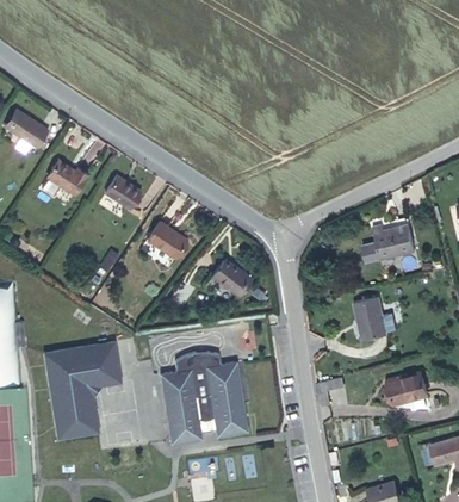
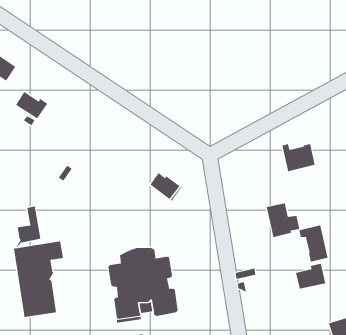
building: [105,175,141,209] -> none
building: [147,222,186,258] -> none
building: none -> [299,224,328,262]
building: [89,341,120,392] -> [16,206,41,248]

